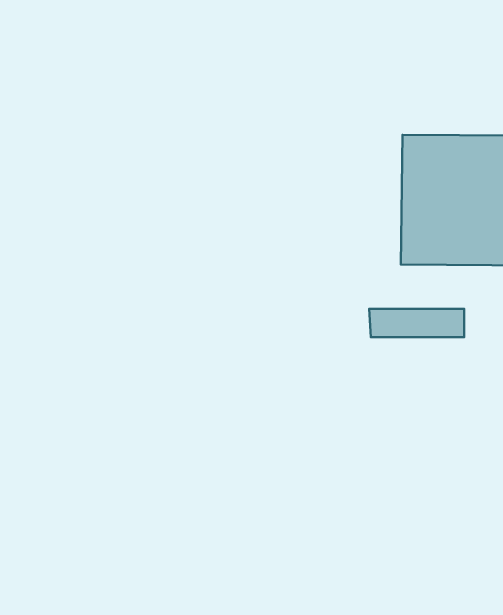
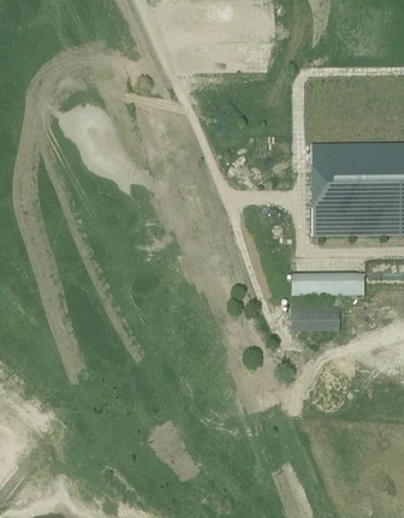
building: none -> [291,298,339,329]

